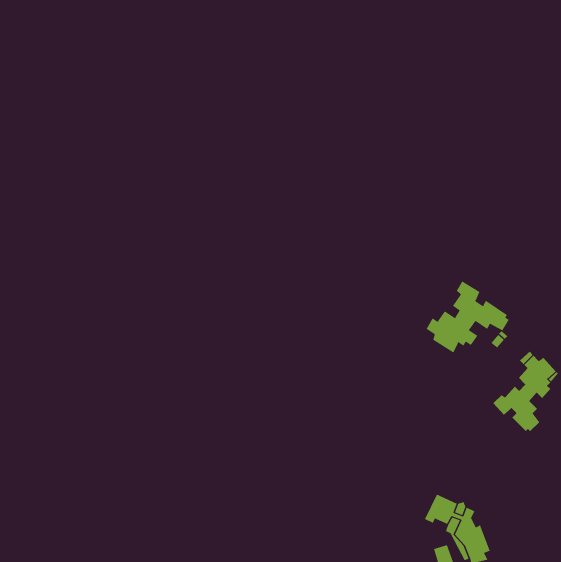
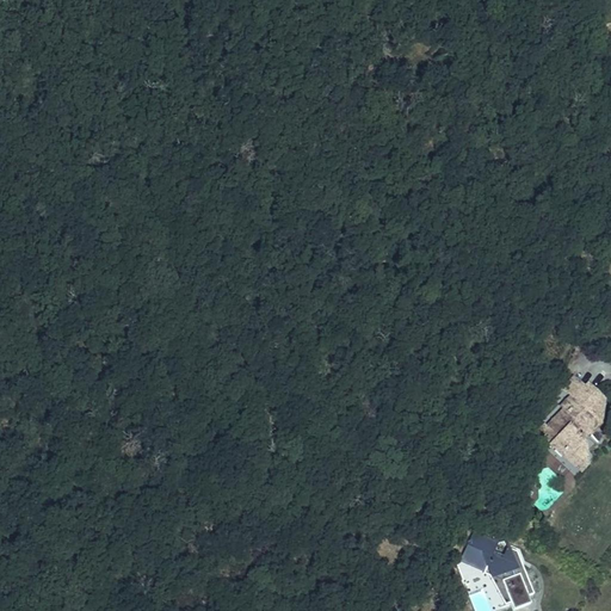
building: [426,280,509,353] -> none

